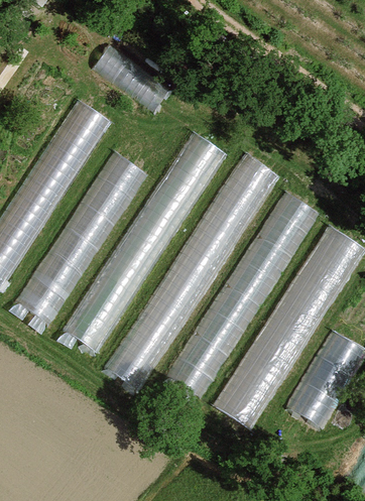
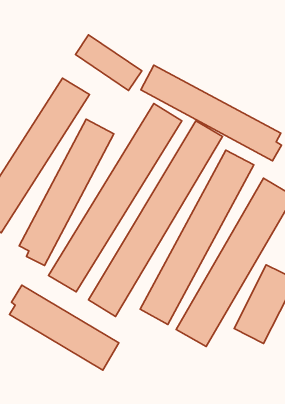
building: none -> [141,65,281,161]
building: none -> [9,285,119,370]

